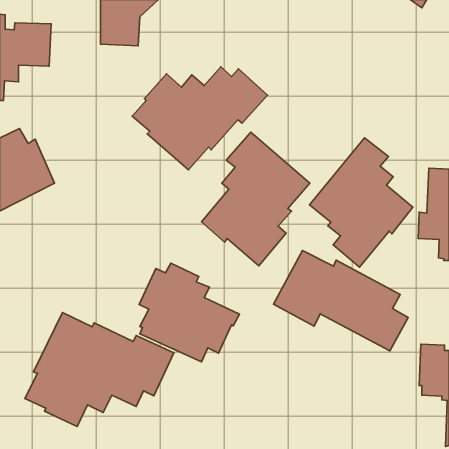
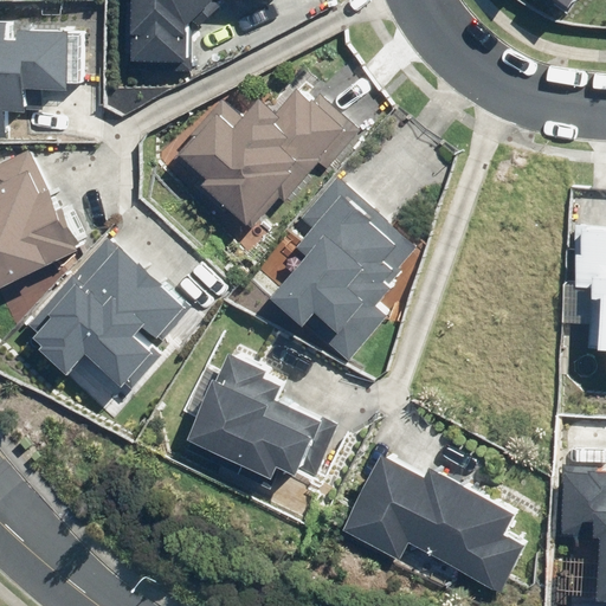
building: [310,138,413,267] -> none
building: none -> [21,244,181,388]
building: [274,250,408,351] -> [344,456,526,591]
building: [25,313,174,426] -> none

